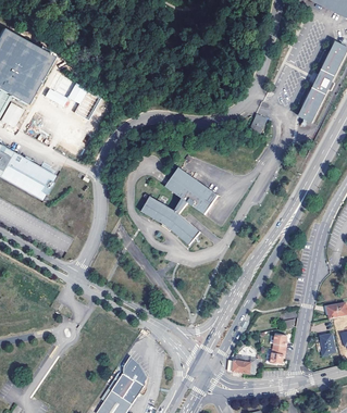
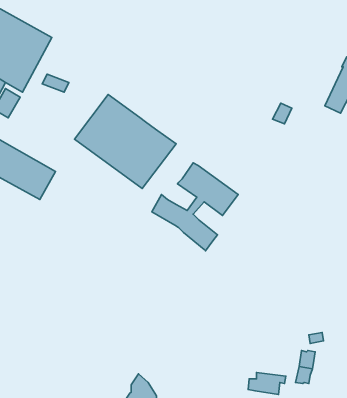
building: none -> [74,94,176,188]

